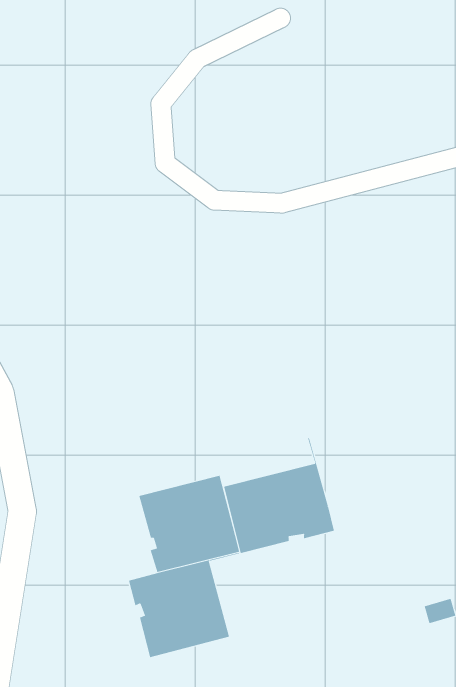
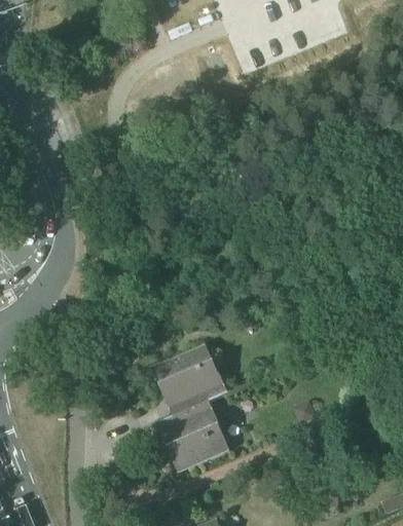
building: [223,437,335,554] -> none

